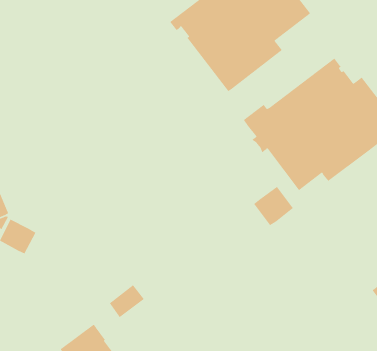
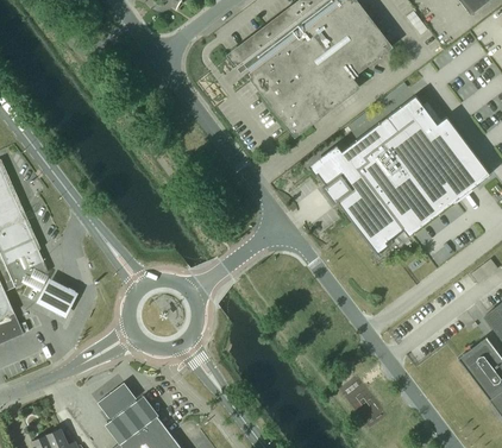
building: [253,186,294,226] -> none
building: [109,284,145,318] -> [96,381,137,419]

